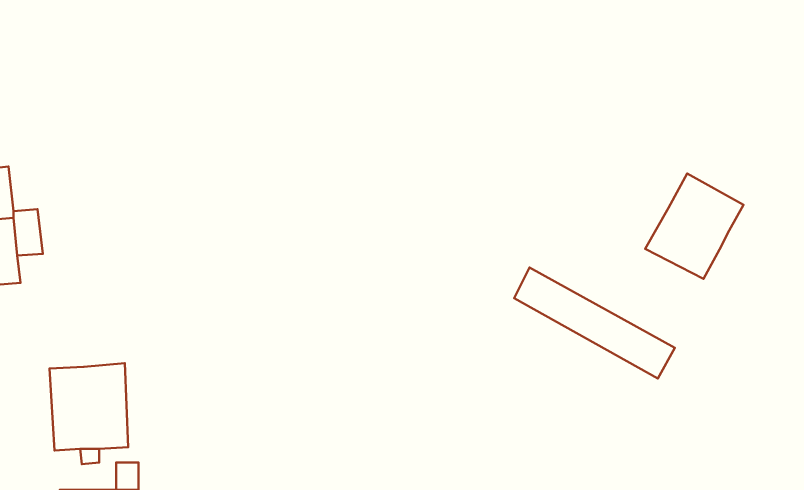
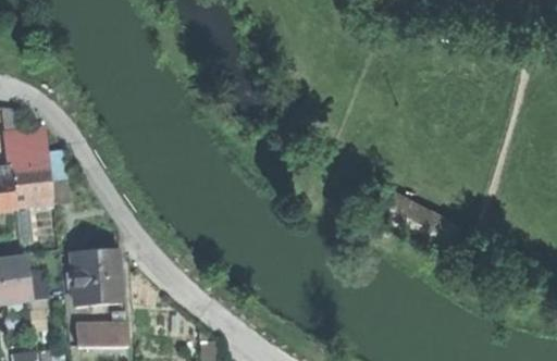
building: [645,174,743,279] -> none

